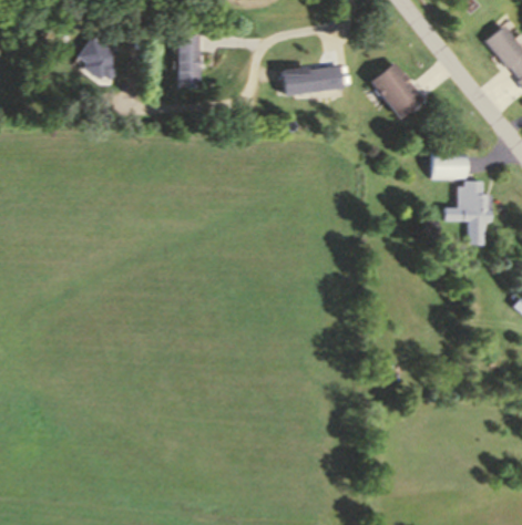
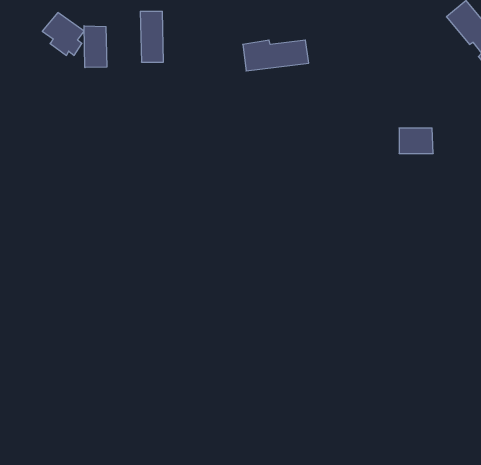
building: none -> [84,26,107,68]
building: [370,62,423,117] -> none
building: [446,181,494,246] -> none

